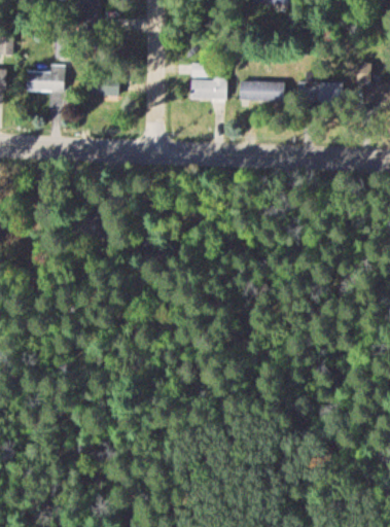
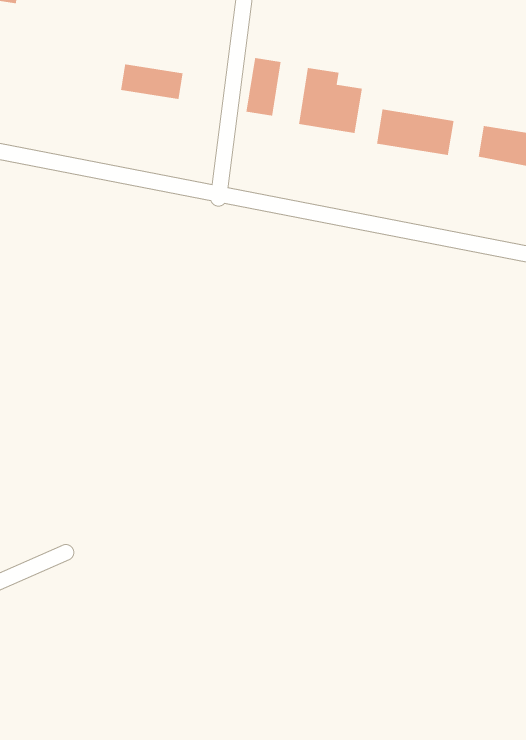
building: none -> [246,57,282,117]
building: [27,67,65,92] -> none

